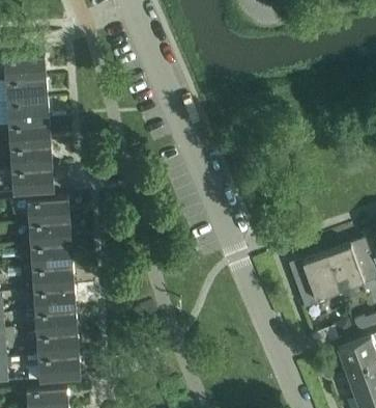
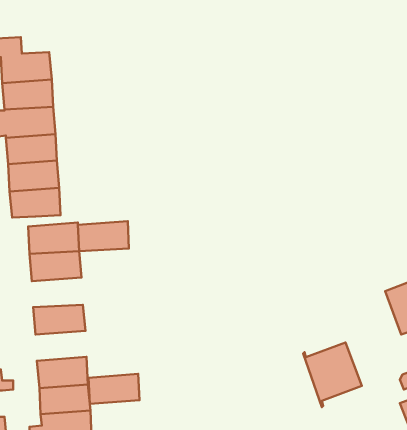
building: [30,244,73,269] -> [78,221,129,251]
building: [289,255,338,309] -> [303,342,362,407]
building: [33,289,76,314] -> [88,374,139,404]

